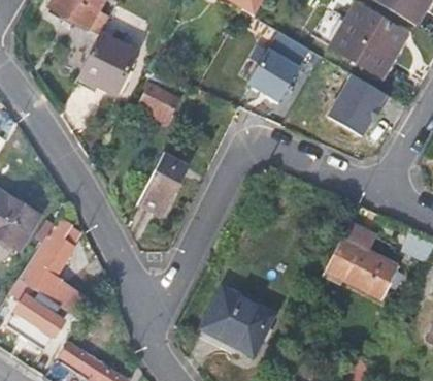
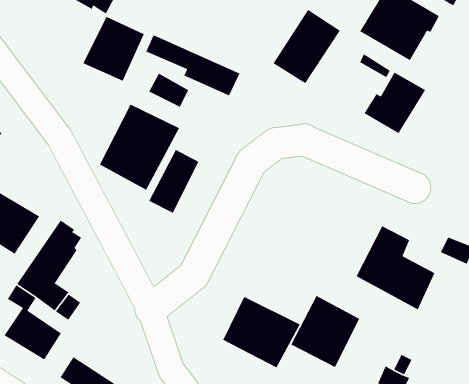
building: none -> [145,34,240,97]
building: none -> [99,103,180,191]
building: none -> [290,295,360,368]

